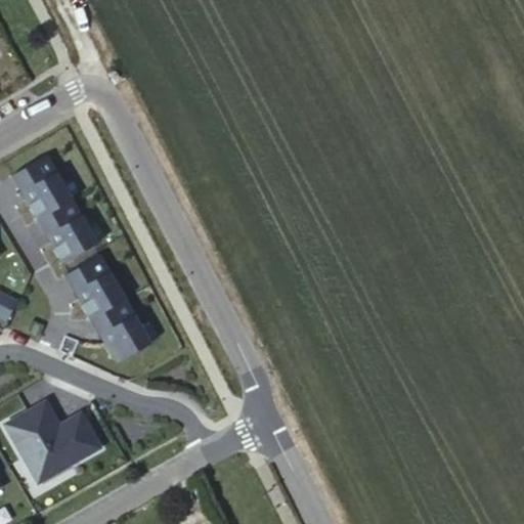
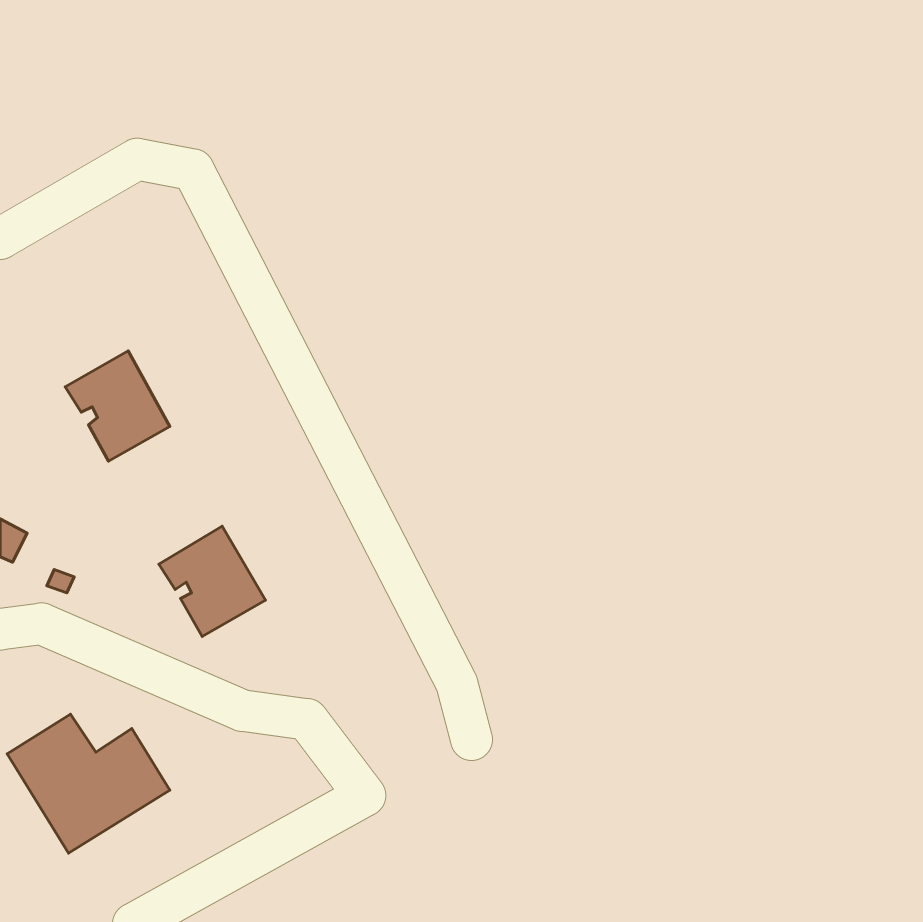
building: [11,156,73,220] -> none
building: [66,254,126,320] -> none

